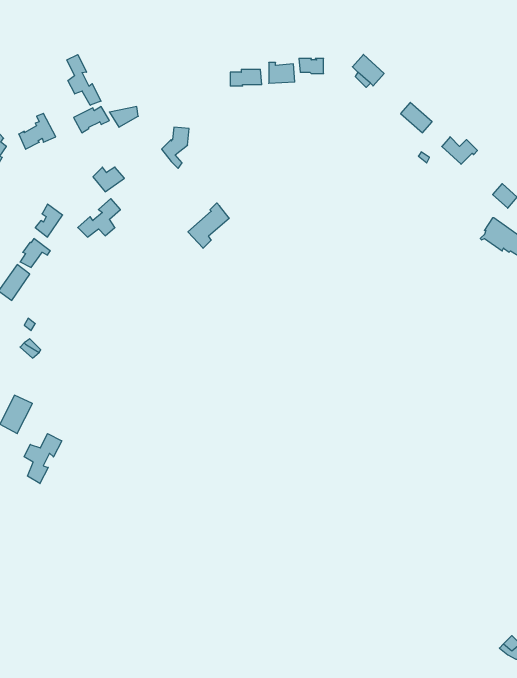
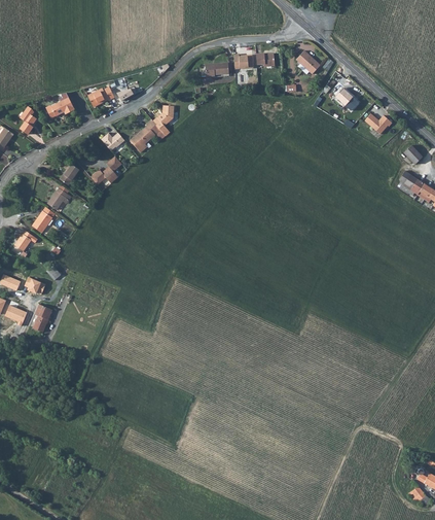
building: [67,55,101,105] -> none
building: [188,203,229,248] -> [130,118,160,152]
building: [24,434,62,484] -> none

